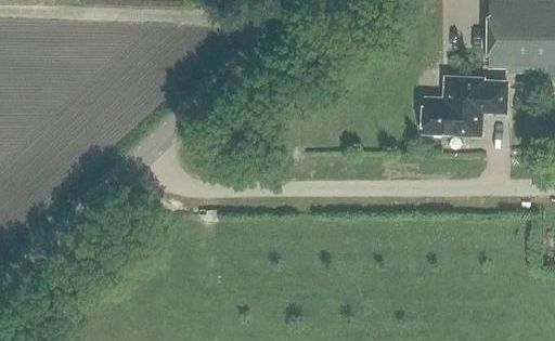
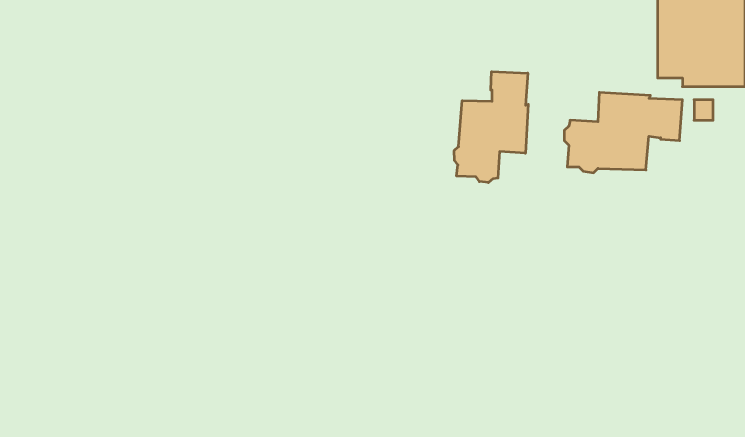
building: none -> [454,72,528,183]

